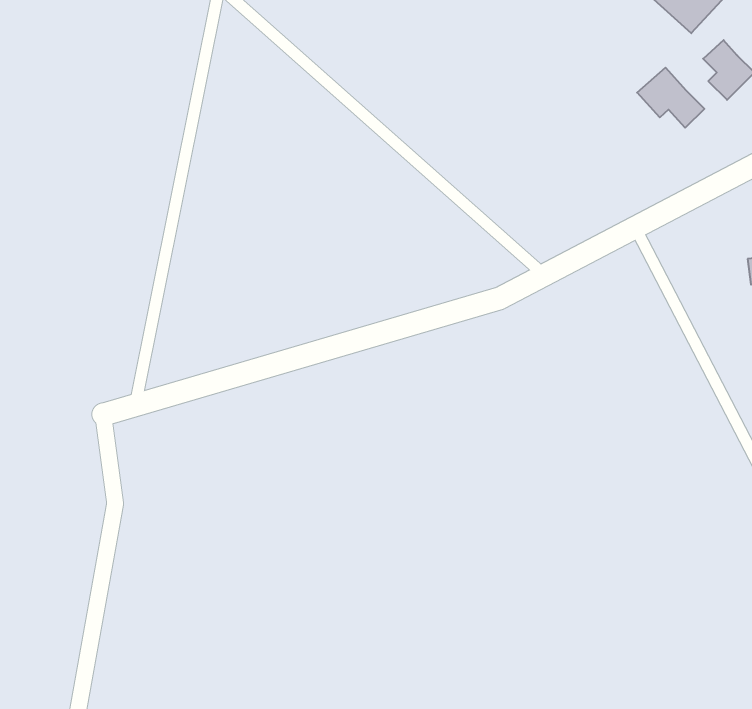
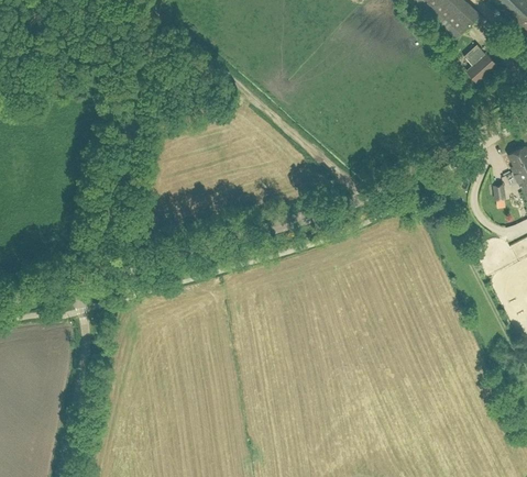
building: [637,68,704,128] -> none

